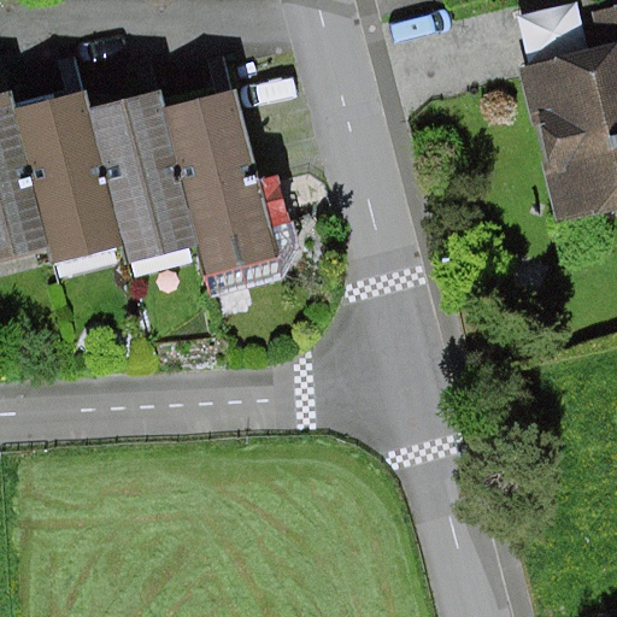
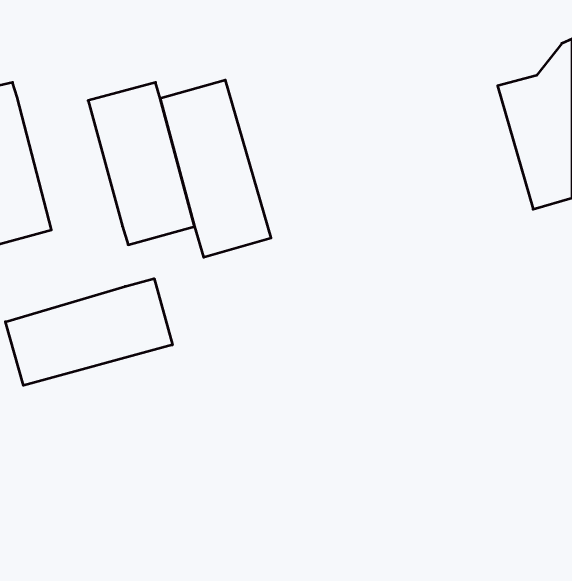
building: [18,88,129,262] -> none
building: none -> [5,279,172,385]

